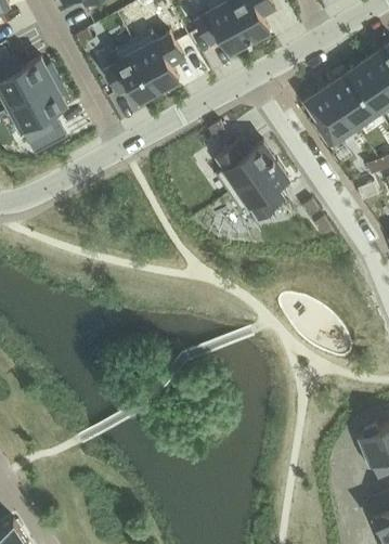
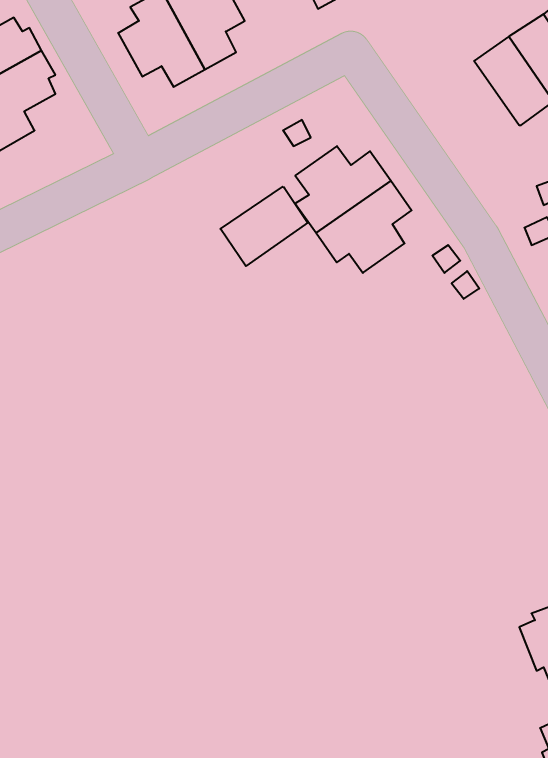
building: [306,87,361,146] -> none
building: none -> [220,187,309,266]

